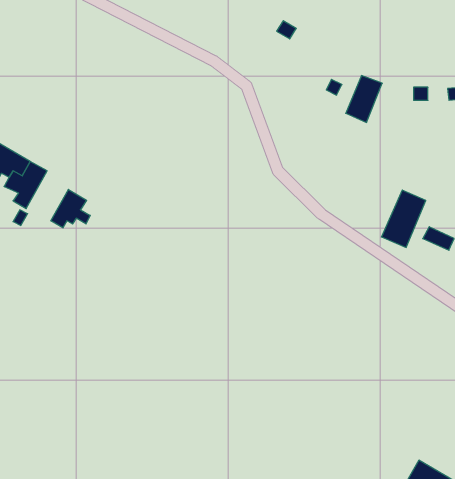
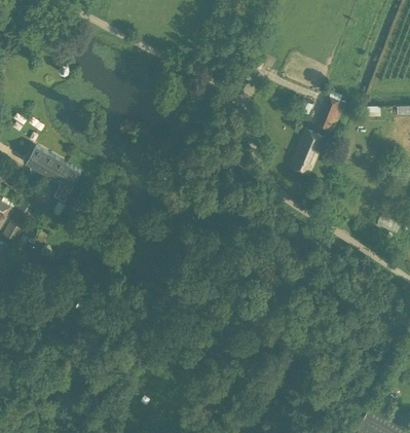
building: [51,189,90,228] -> none
building: [381,190,426,247] -> [288,129,323,174]

